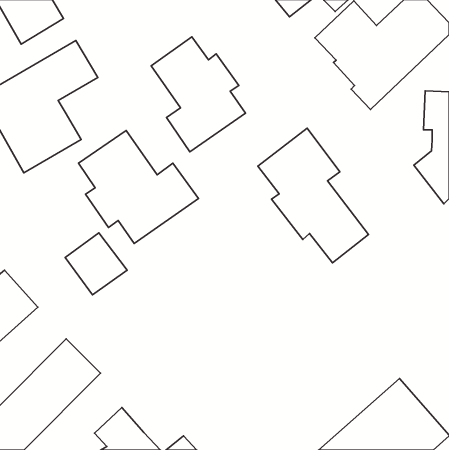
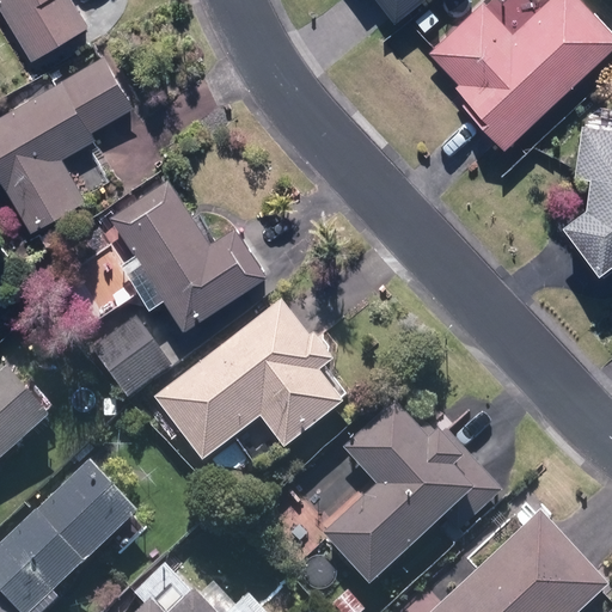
building: [151,37,246,152] -> none
building: [258,128,368,263] -> none
building: none -> [152,301,342,461]
building: none -> [322,404,503,587]

